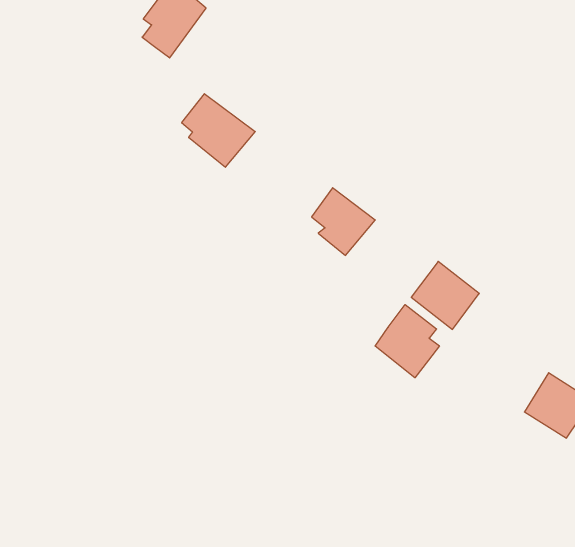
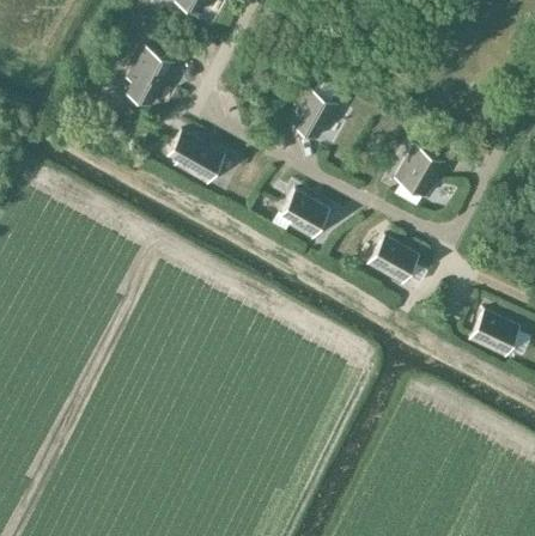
building: none -> [293,86,340,140]
building: none -> [395,144,446,197]
building: [375,305,439,378] -> none

